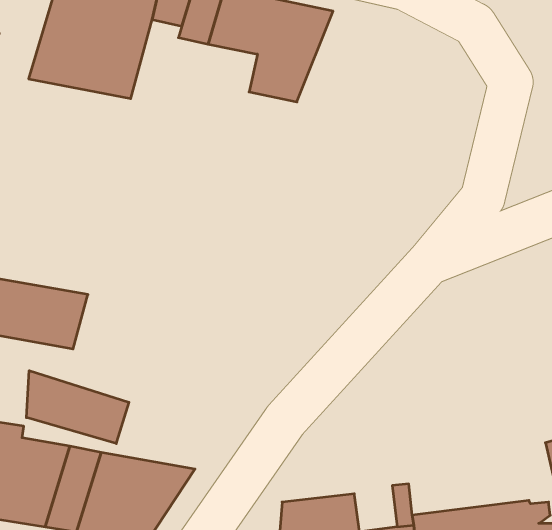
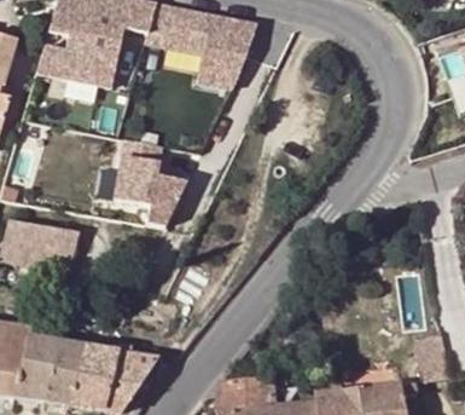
building: none -> [114,137,186,226]
building: [26,371,129,444] -> none

